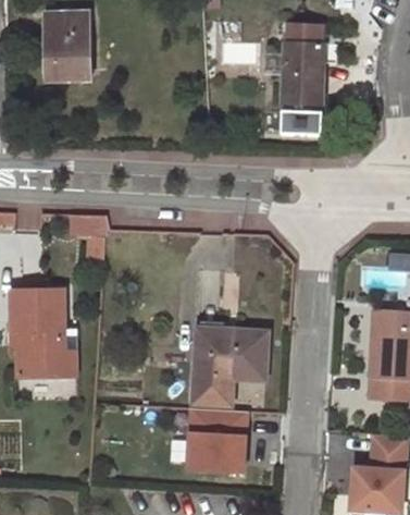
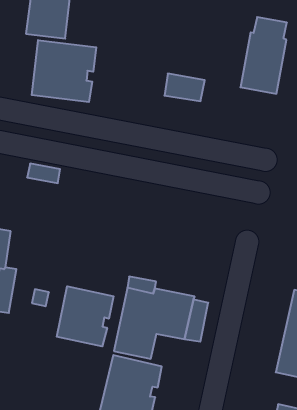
building: none -> [32,40,96,102]
building: [283,109,323,133] -> [164,74,205,101]
building: none -> [57,286,114,346]

